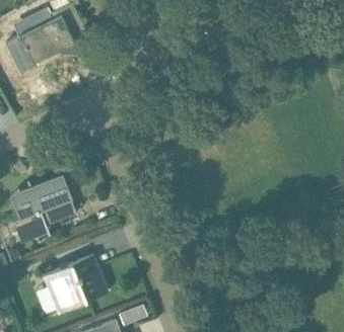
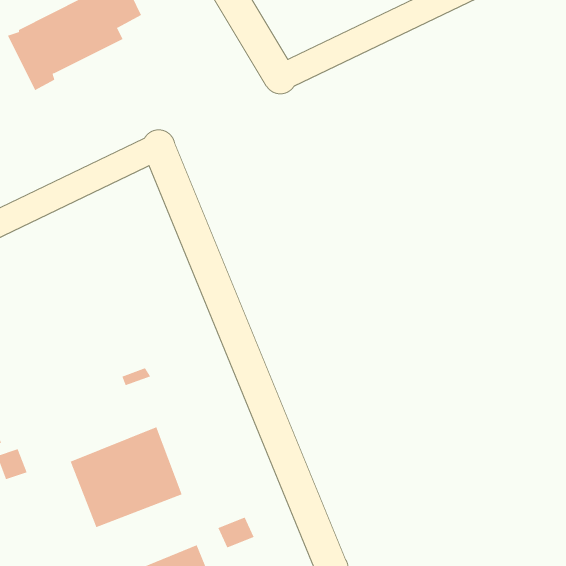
building: [14,178,75,237] -> none

